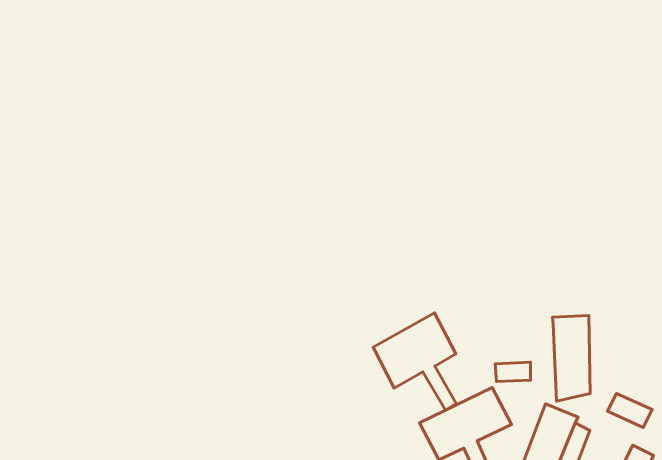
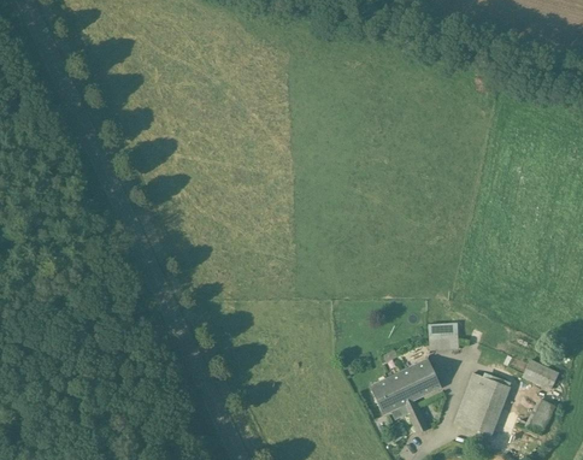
building: [373,313,456,410] -> none
building: [552,316,590,401] -> none

